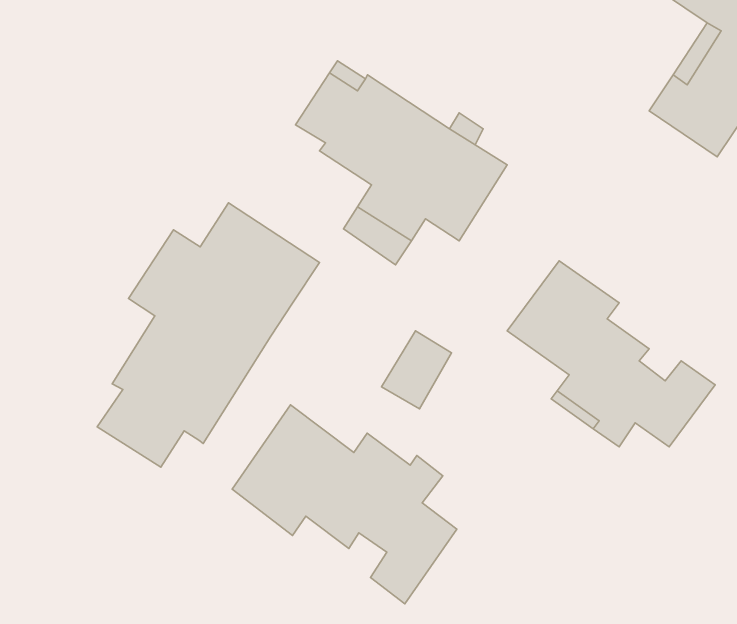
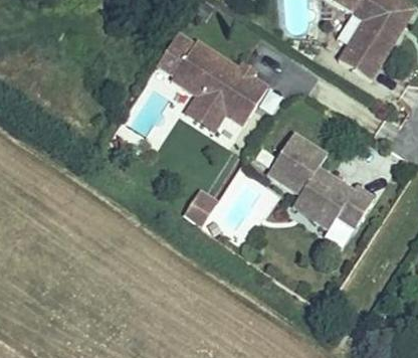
building: [97,203,319,467] -> none
building: [232,405,457,604] -> none

